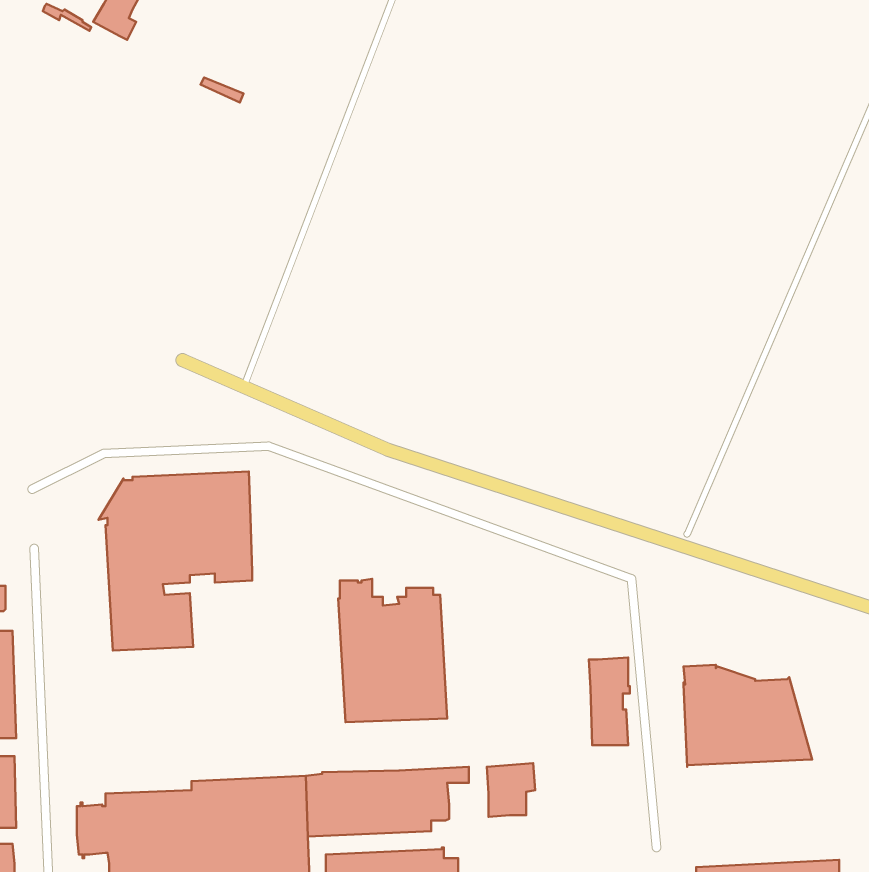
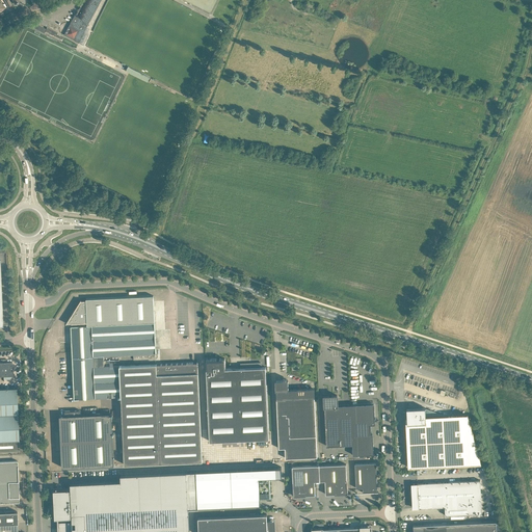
building: none -> [118,364,202,467]
building: none -> [274,380,316,460]
building: none -> [323,397,352,456]
building: none -> [58,413,115,470]
building: none -> [354,464,377,495]
building: none -> [318,466,346,496]
building: none -> [410,482,481,517]

